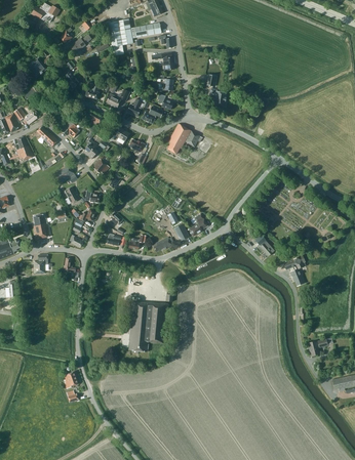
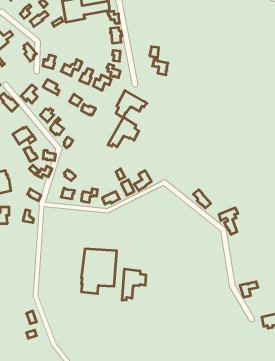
building: none -> [108,117,139,147]
building: none -> [122,269,146,300]

